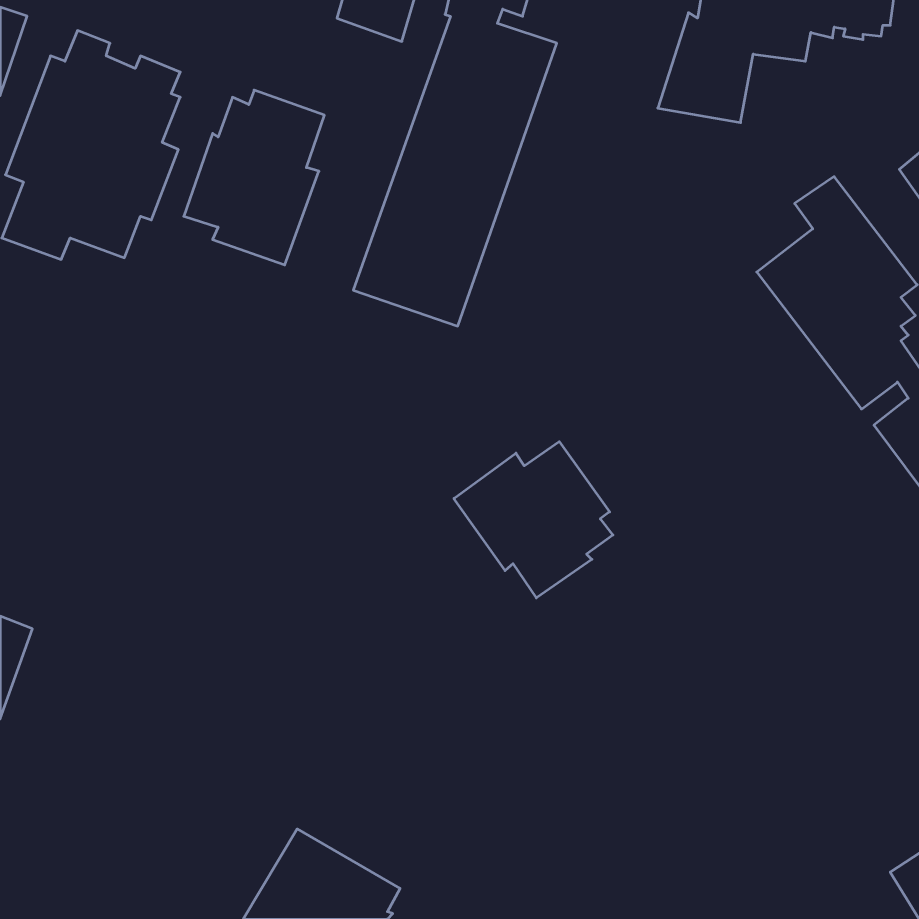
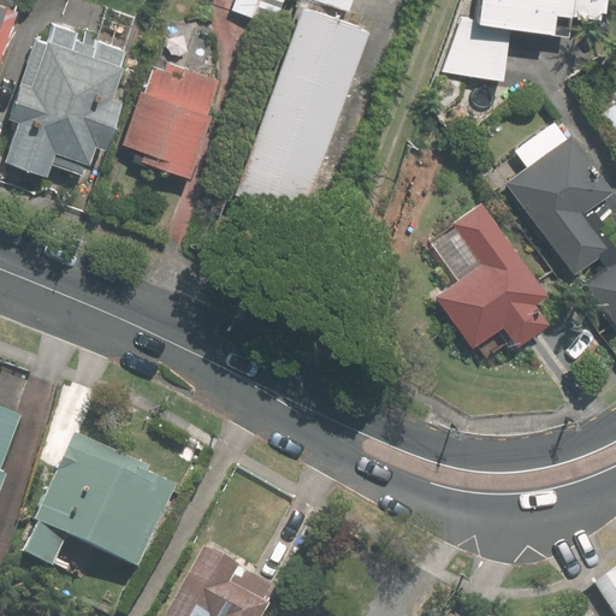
building: none -> [434,201,550,345]
building: [454,442,613,598] -> none
building: none -> [26,385,176,571]

